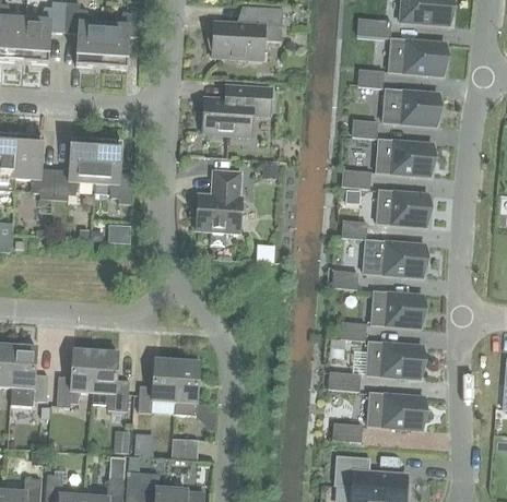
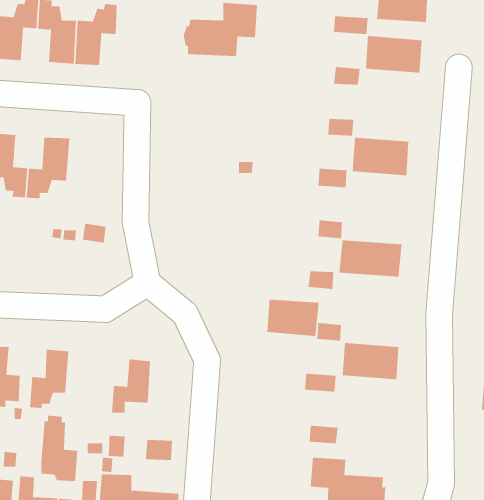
building: [201,85,271,135] -> none
building: [381,88,438,125] -> none
building: [93,140,133,204] -> none
building: [196,169,241,232] -> none
building: [376,190,427,227] -> none
building: [370,291,423,328] -> [267,299,320,337]
building: [92,345,129,410] -> [41,415,78,481]
building: [173,360,199,415] -> none
building: [366,393,423,430] -> none

